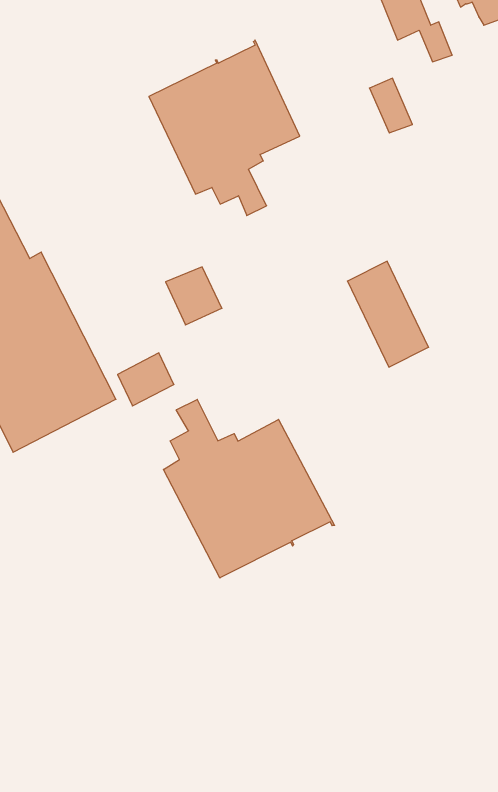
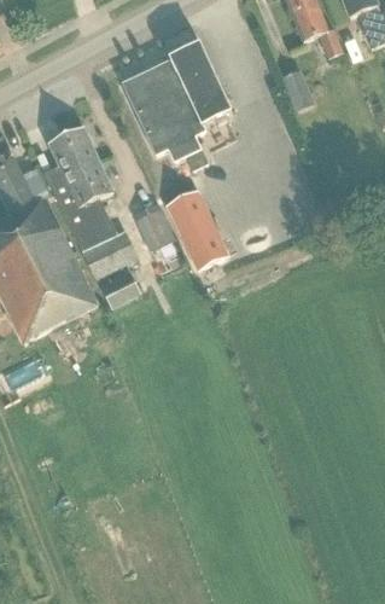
building: none -> [47,126,135,275]
building: [347,261,429,367] -> [167,190,226,267]
building: [163,399,335,578] -> none

